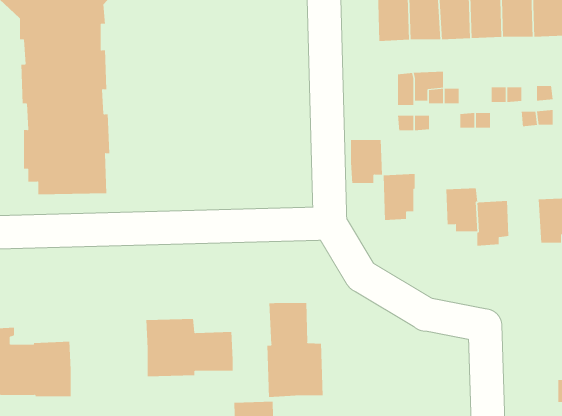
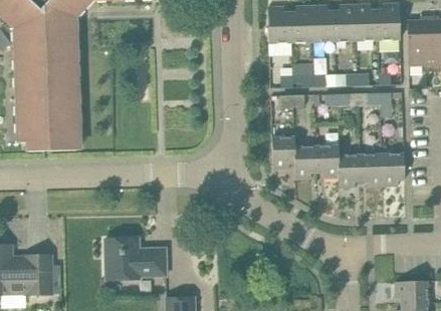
building: [350,139,383,184] -> [294,147,317,179]
building: none -> [361,154,384,187]
building: [267,302,323,398] -> none

